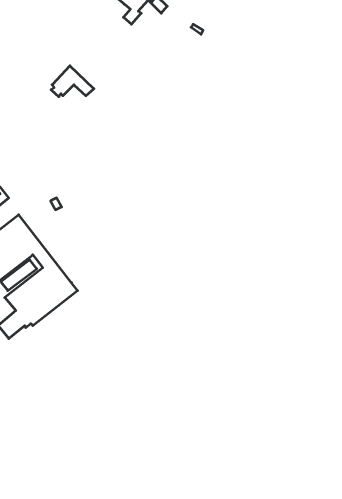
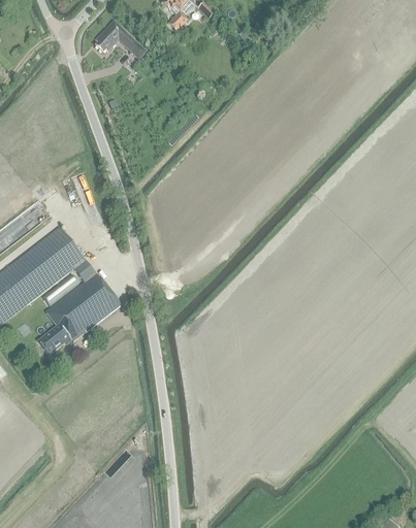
building: [51,66,94,97] -> [93,20,137,52]

